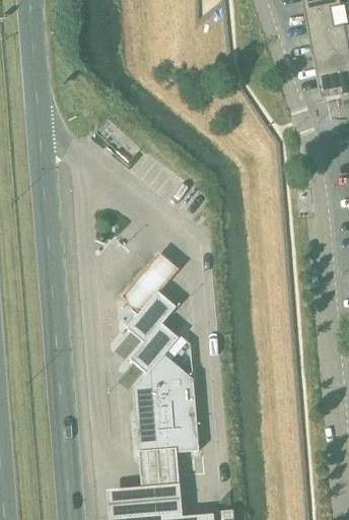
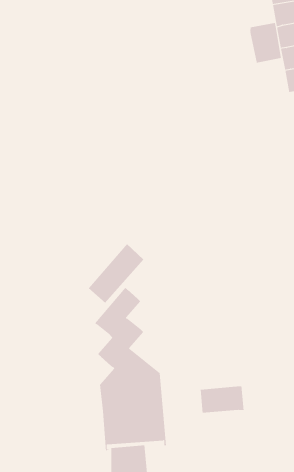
building: none -> [250,22,282,63]
building: none -> [200,385,244,414]

